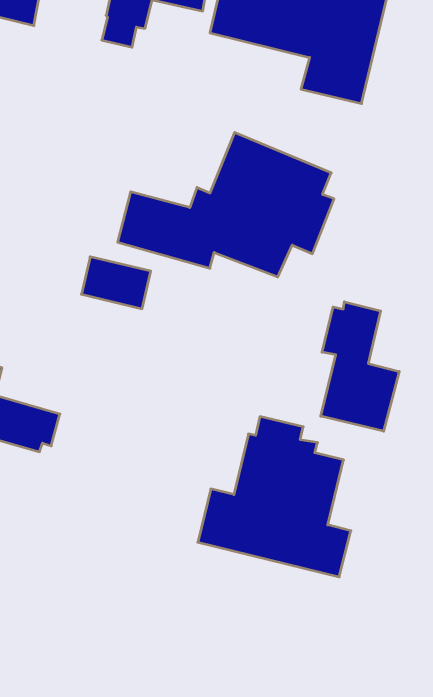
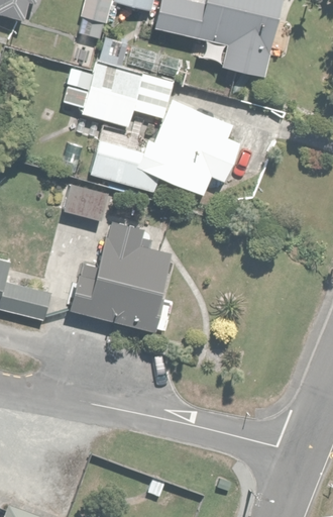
building: none -> [63,60,143,127]
building: [321,302,399,431] -> none
building: [198,417,351,577] -> [69,221,176,333]

